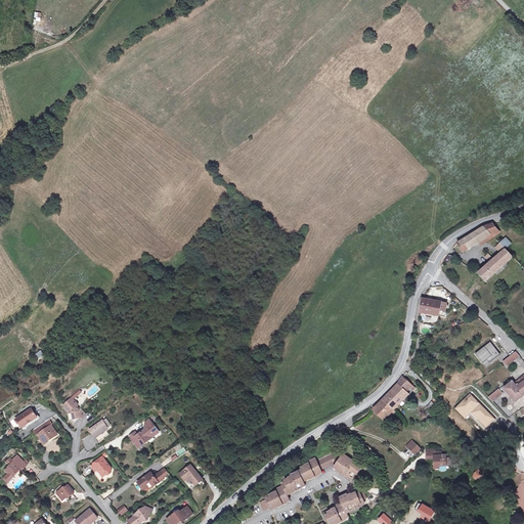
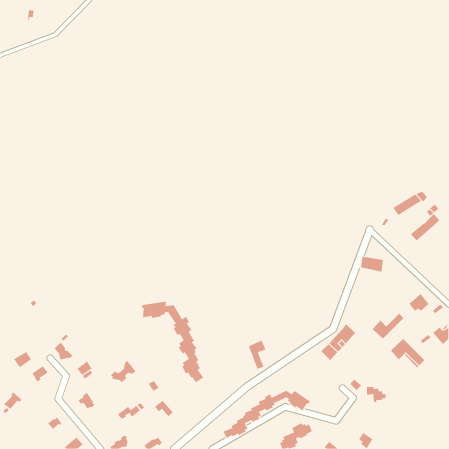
building: none -> [142,301,204,383]
building: none -> [372,313,404,339]
building: none -> [248,340,266,370]

